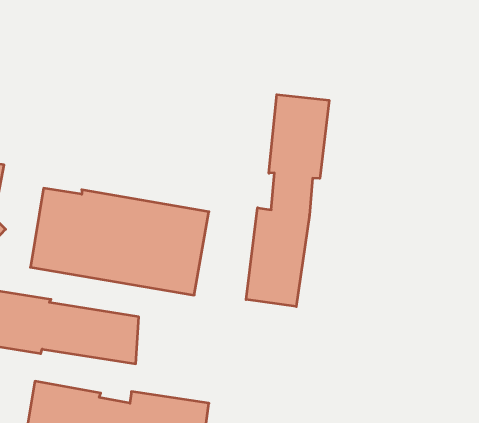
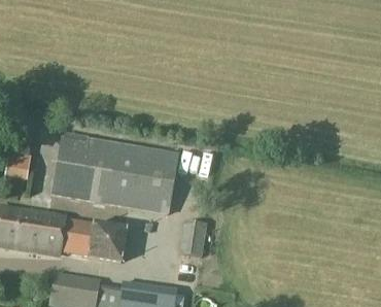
building: [246,95,329,307] -> none
building: none -> [179,219,204,254]

